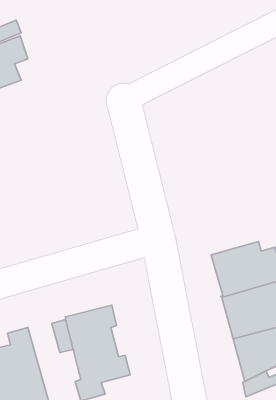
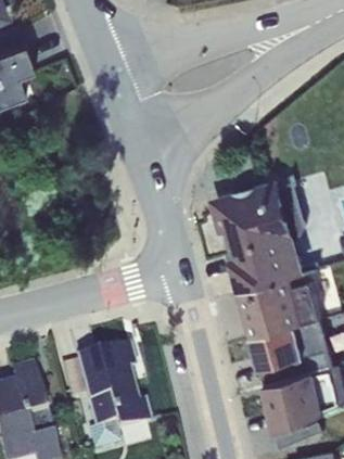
building: none -> [215,179,306,288]

